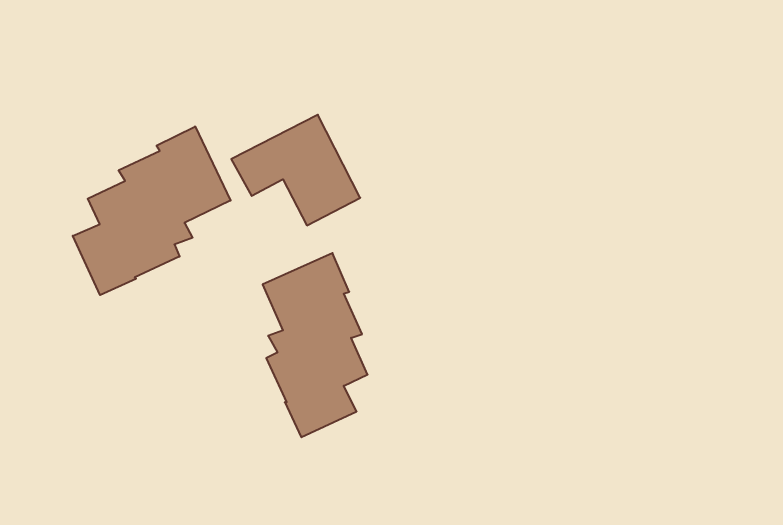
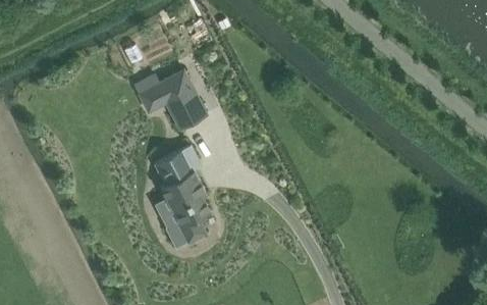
building: [73,126,231,295] -> none

